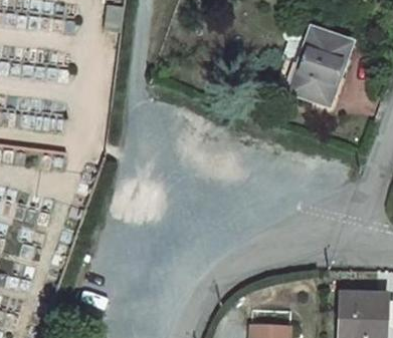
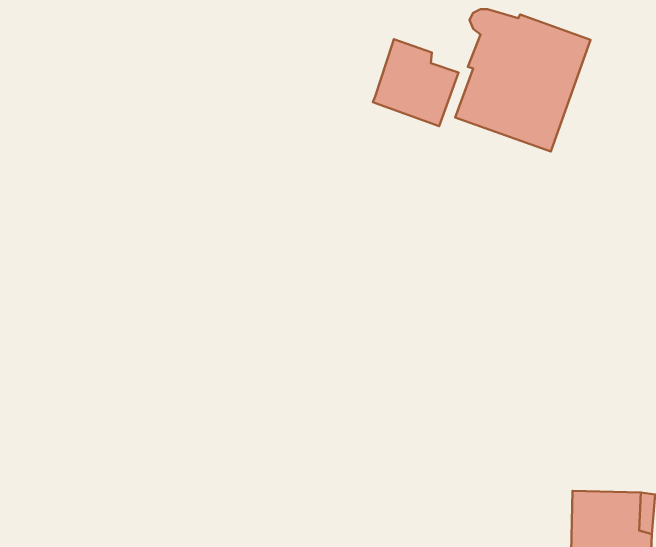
building: none -> [373,39,458,126]

